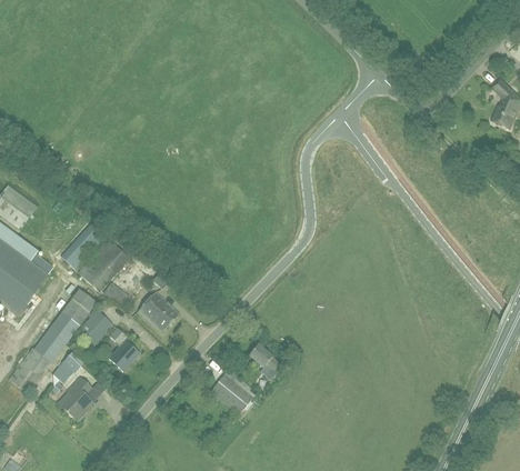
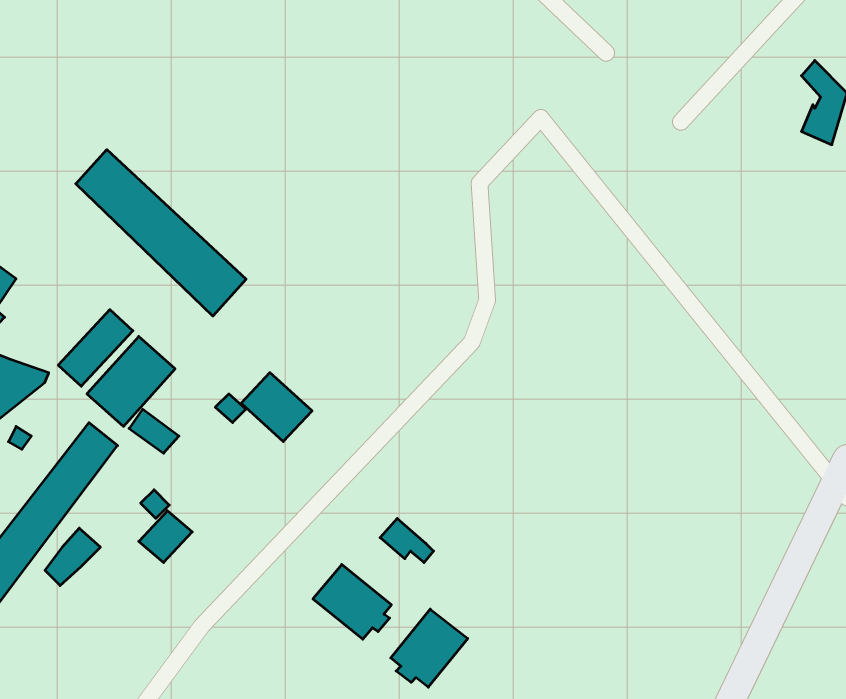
building: none -> [76,150,246,316]
building: [138,291,179,331] -> [241,373,312,442]
building: [79,310,112,342] -> none
building: [62,378,93,420] -> none
building: none -> [391,609,468,687]

